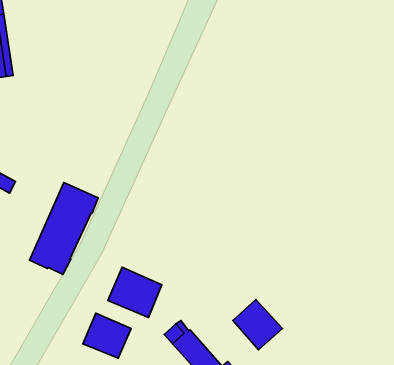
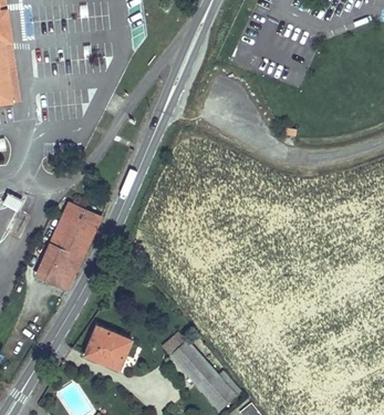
building: [108,267,162,317] -> none
building: [233,299,282,350] -> none

